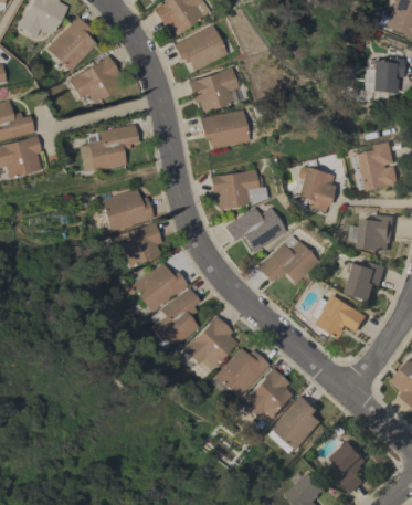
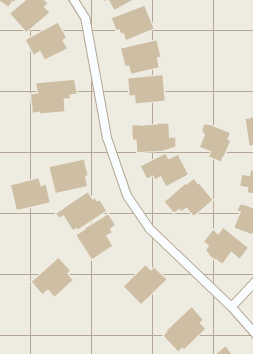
building: [102,188,154,231] -> [10,178,50,210]
building: [184,315,237,366] -> [31,257,74,298]
building: [242,368,295,419] -> none

